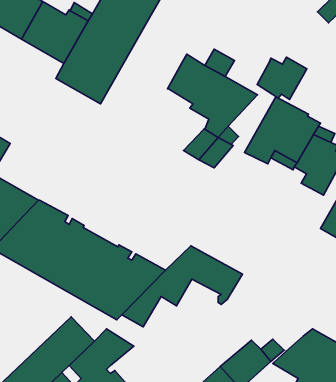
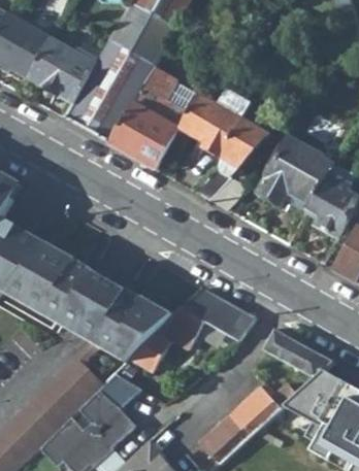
building: none -> [110,67,193,169]
building: [257,57,307,99] -> none
building: none -> [263,328,332,378]

